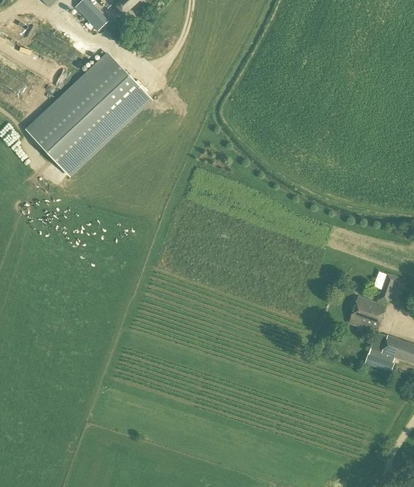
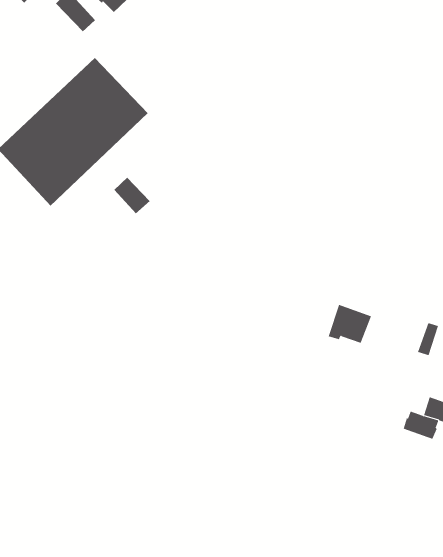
building: none -> [114,177,150,214]
building: [348,295,385,328] -> [328,304,372,344]

